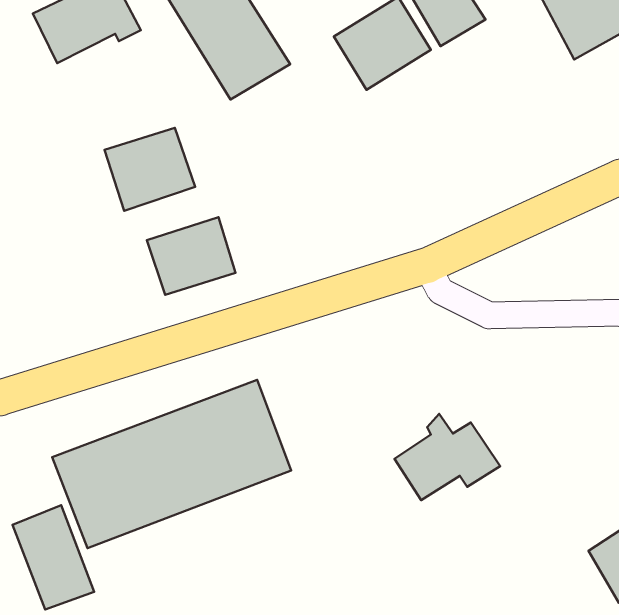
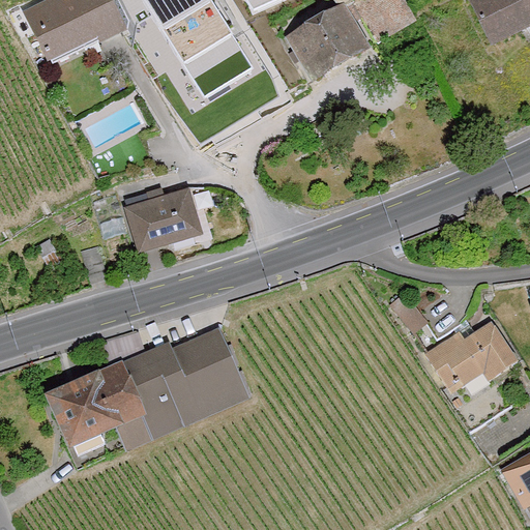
building: [105,128,195,211] -> none
building: [394,414,500,500] -> [428,315,518,388]
building: [12,505,94,610] -> none

